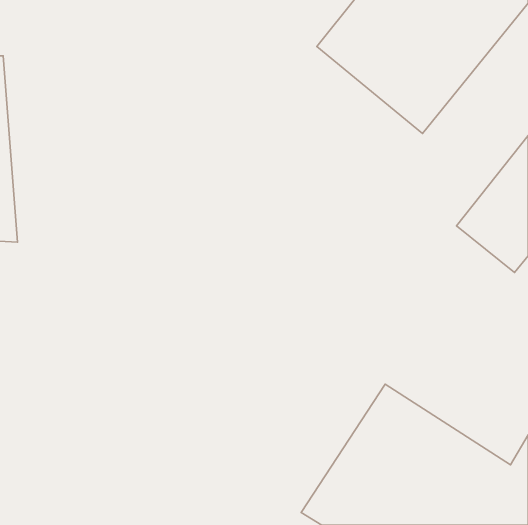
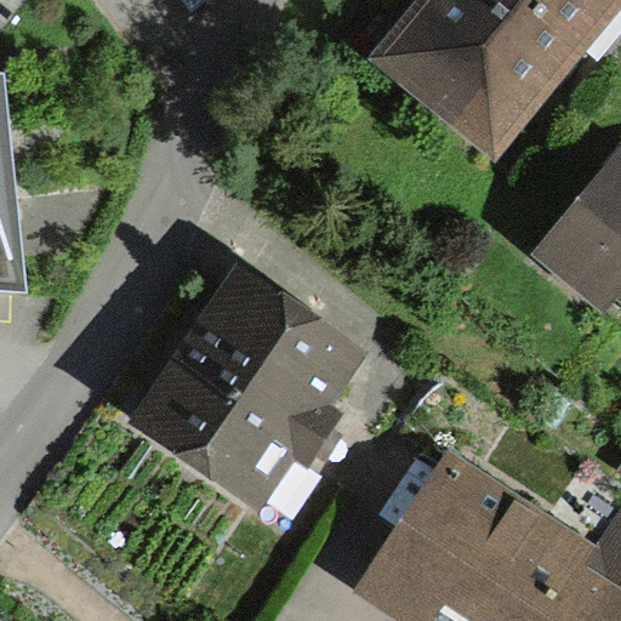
building: none -> [132,272,368,511]

